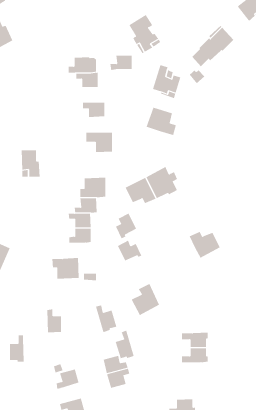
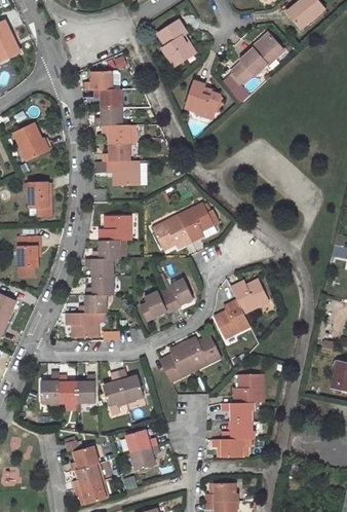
building: [110,55,133,70] -> [93,108,121,126]
building: none -> [13,123,46,160]
building: [146,107,177,136] -> none
building: none -> [102,143,129,161]
building: none -> [17,236,39,277]
building: [115,213,137,239] -> [166,279,192,310]
building: none -> [78,295,107,314]
building: none -> [215,300,248,338]
building: none -> [183,337,221,369]
building: none -> [234,373,263,403]
building: none -> [77,374,95,402]
building: [115,330,135,359] -> [103,371,126,406]
building: [9,335,25,362] -> [41,371,60,404]
building: none -> [211,439,245,458]
building: none -> [72,464,101,488]

